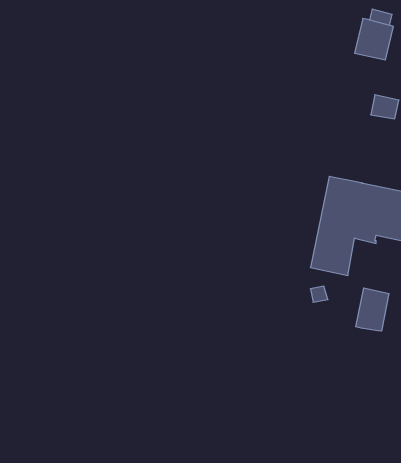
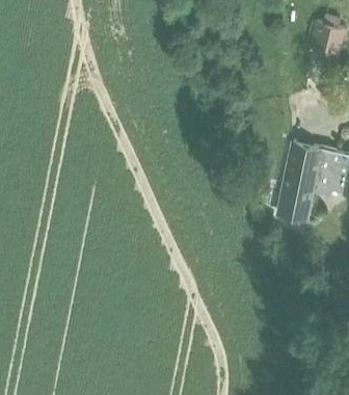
building: [356,288,389,331] -> none

